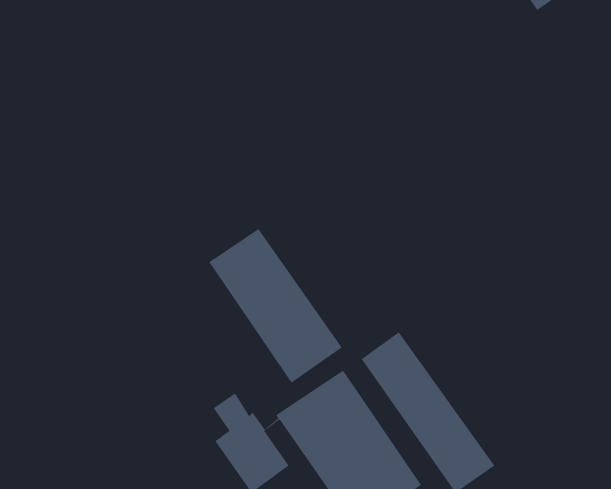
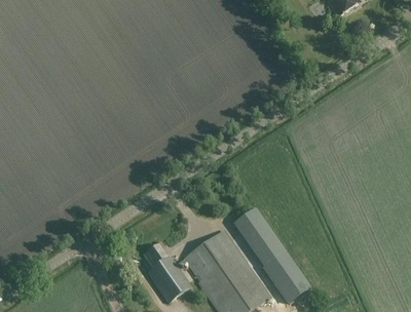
building: [209,228,342,383] -> none

